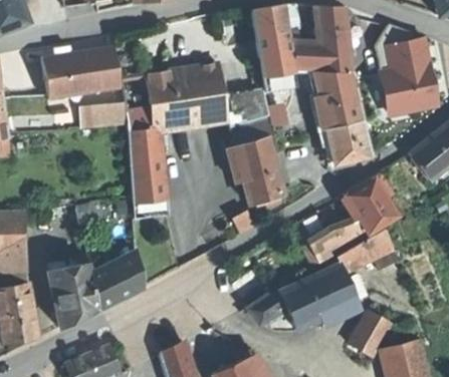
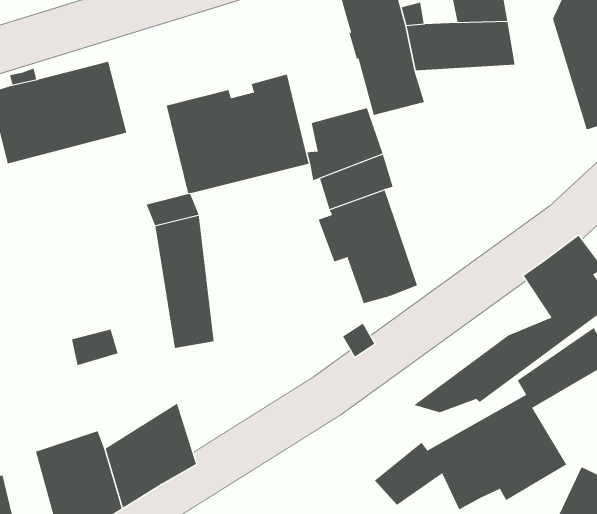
building: [312,70,370,163] -> none
building: [79,105,127,129] -> none

